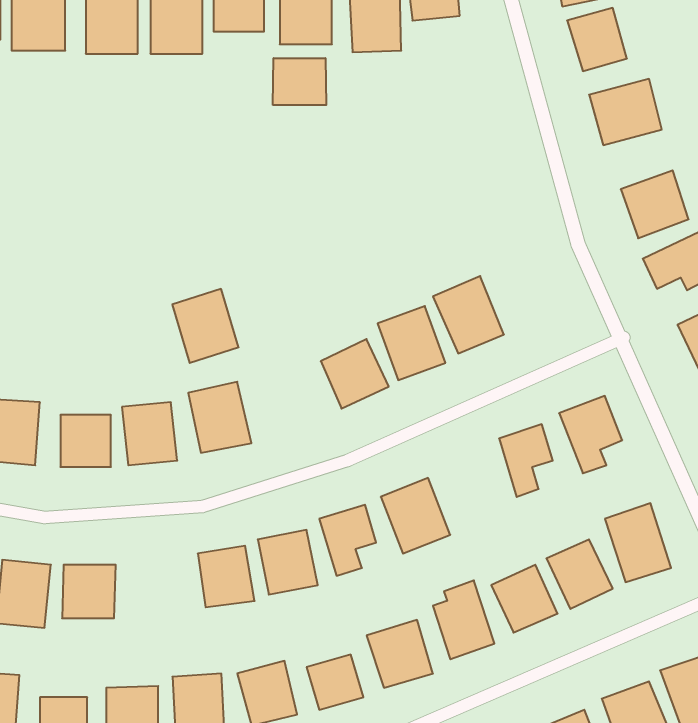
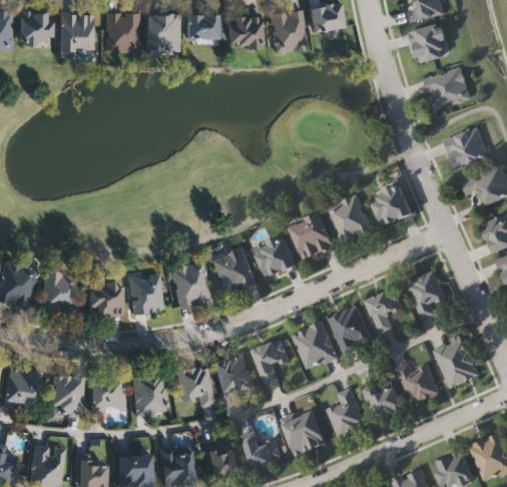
building: [273,58,326,105] -> none
building: none -> [370,184,413,226]
building: [172,289,239,363] -> [212,247,255,294]
building: none -> [329,306,372,353]
building: none -> [132,373,165,415]

